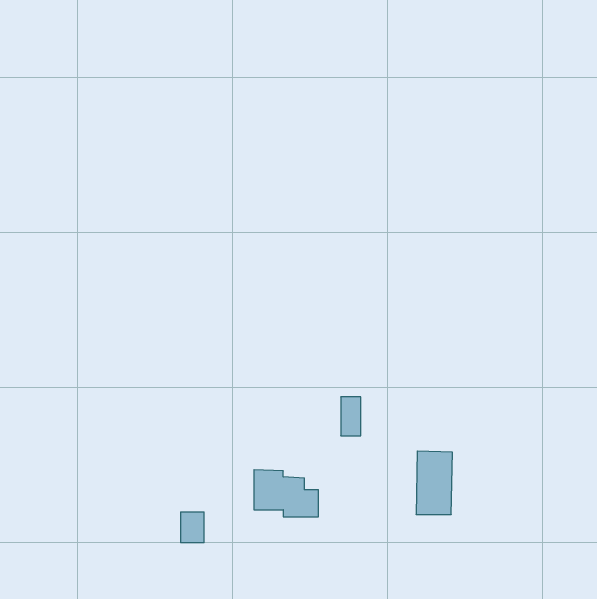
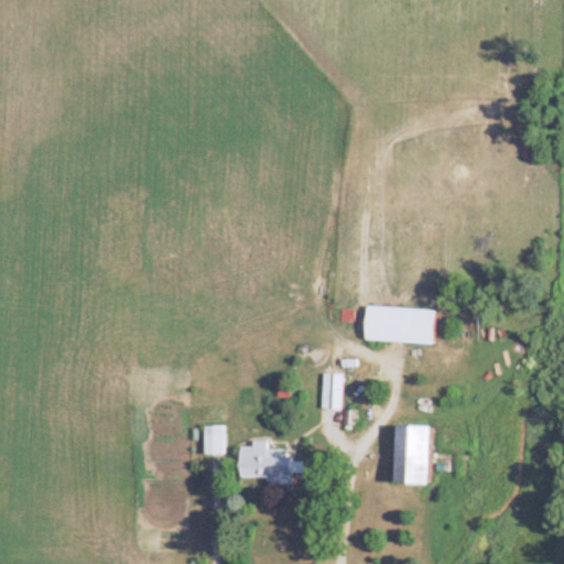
building: none -> [365,305,434,343]
building: [181,512,204,543] -> [205,425,227,454]

